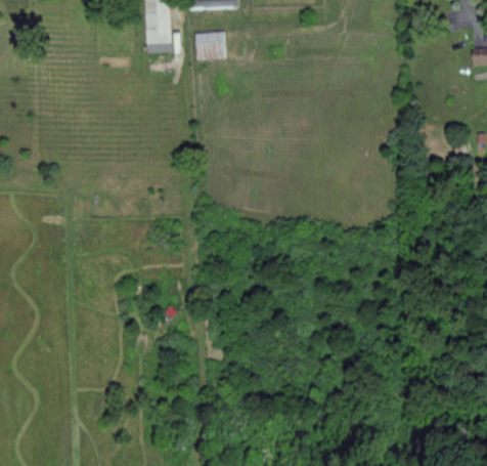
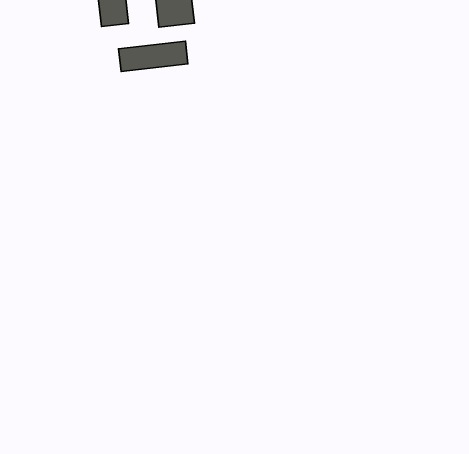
building: none -> [119,41,188,71]

